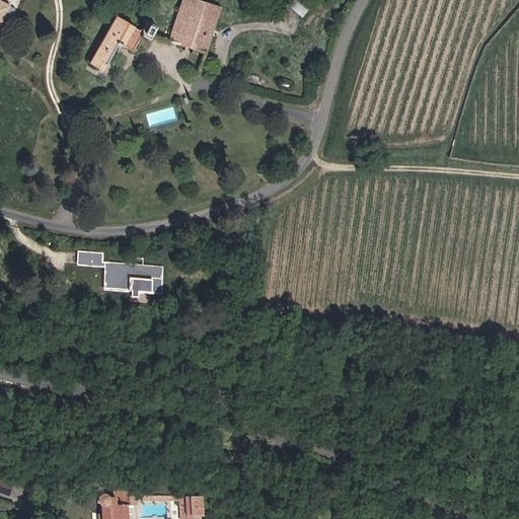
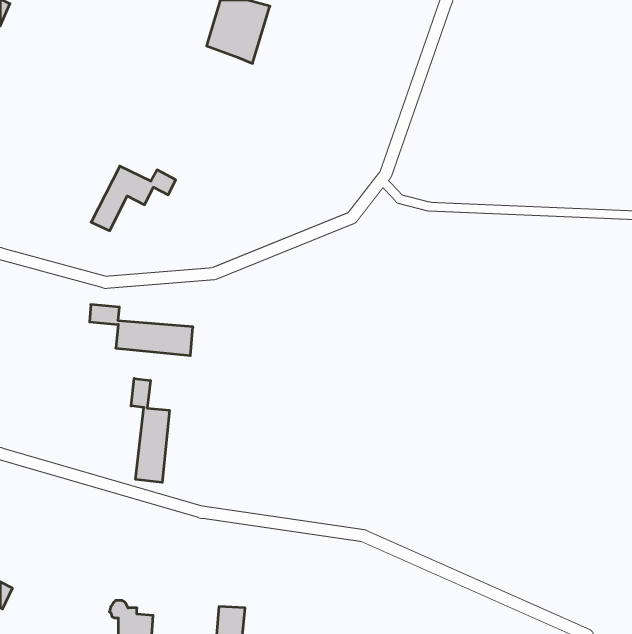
building: [89,17,158,70] -> [91,166,176,231]
building: none -> [131,378,169,482]

